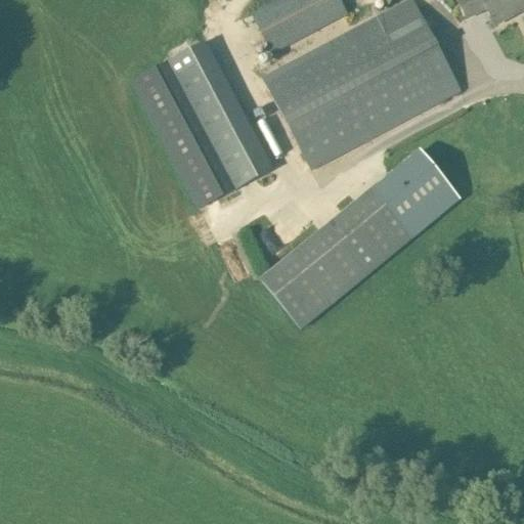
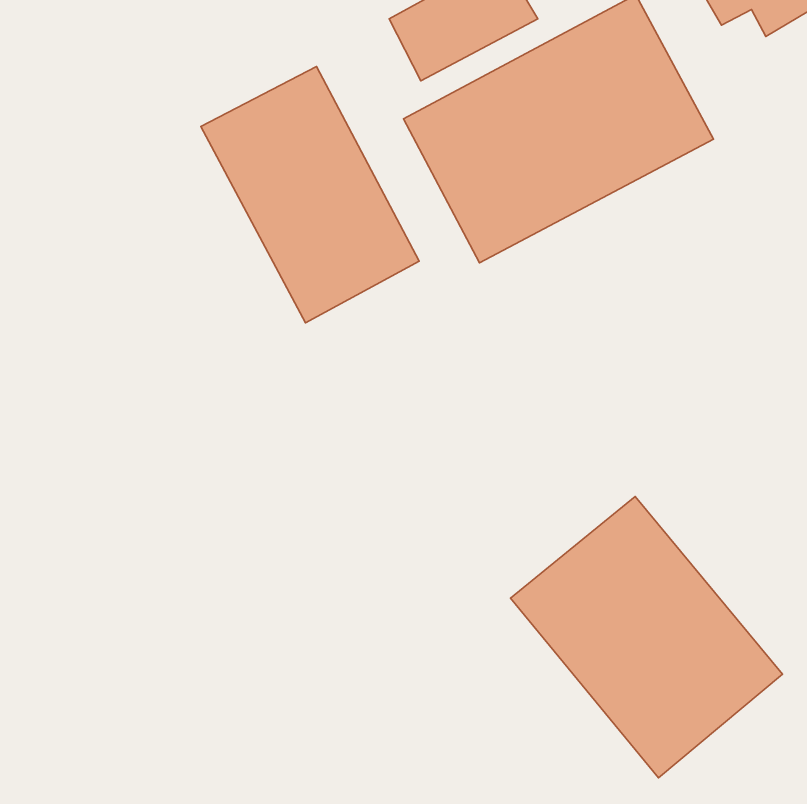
building: [262,150,460,328] -> none
building: none -> [510,497,782,778]

